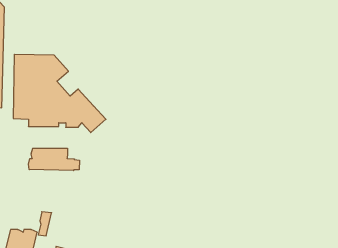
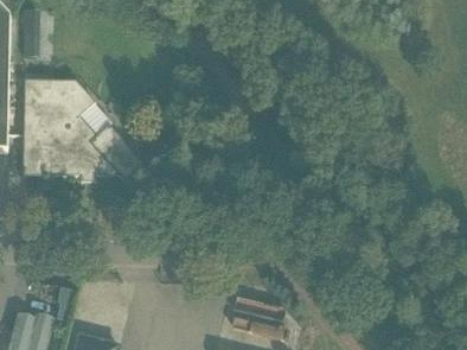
building: [28,148,79,171] -> none

